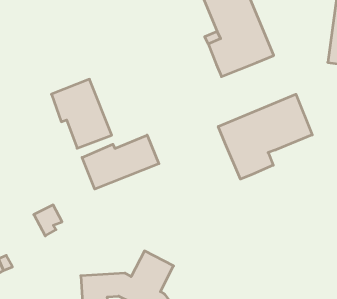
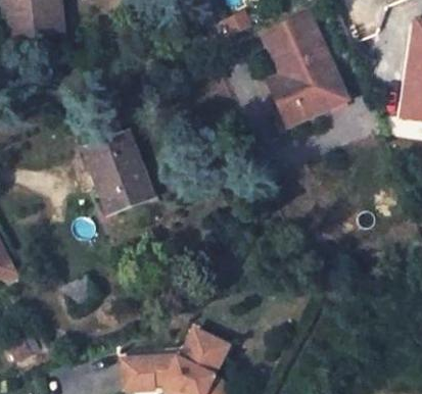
building: [218,94,312,179] -> none
building: [82,135,159,189] -> none

